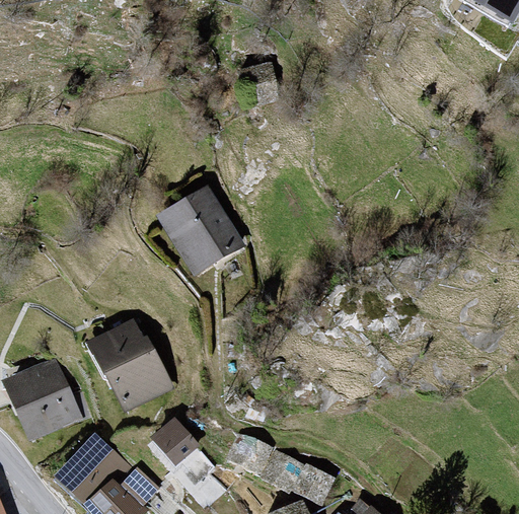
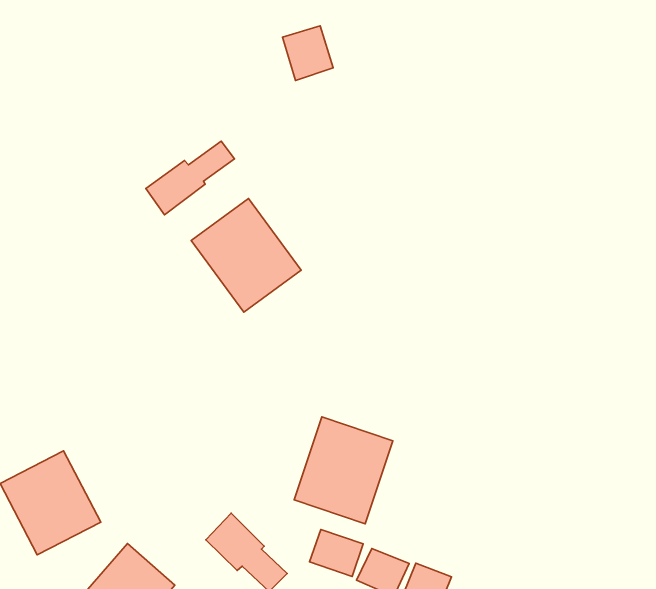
building: none -> [146,141,234,215]
building: [91,320,168,409] -> none
building: none -> [294,417,393,524]

